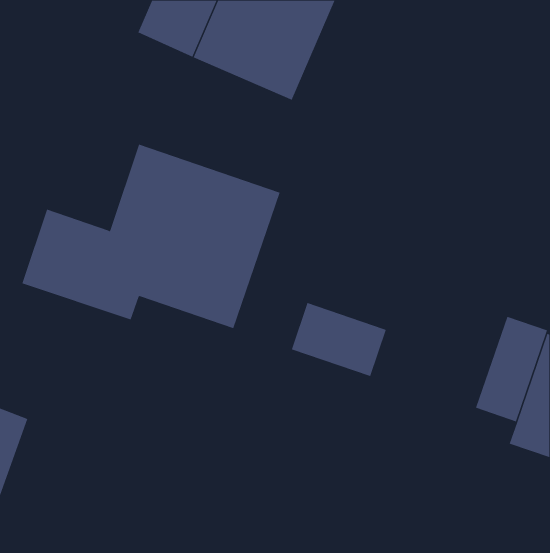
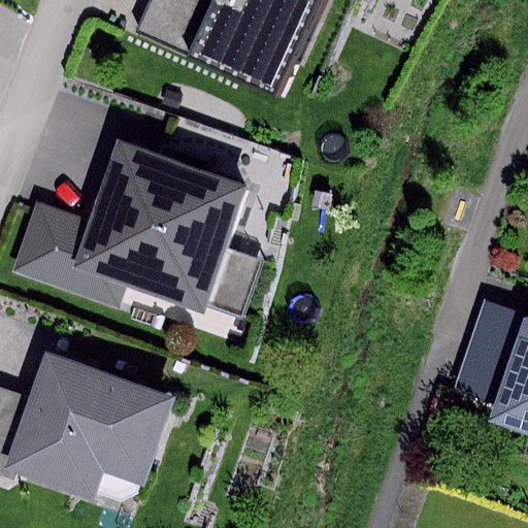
building: [291,302,387,377] -> none
building: none -> [4,355,168,501]

